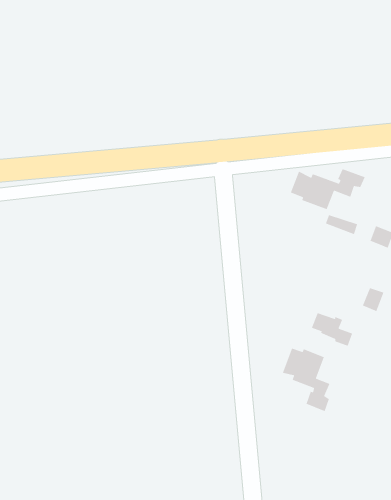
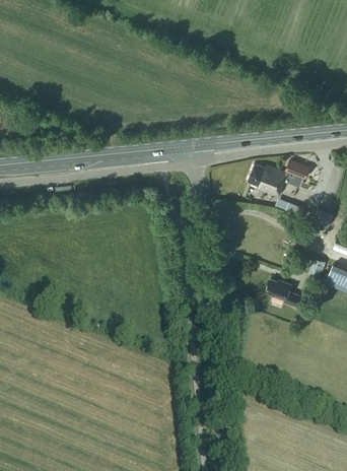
building: [282,348,330,412] -> none

